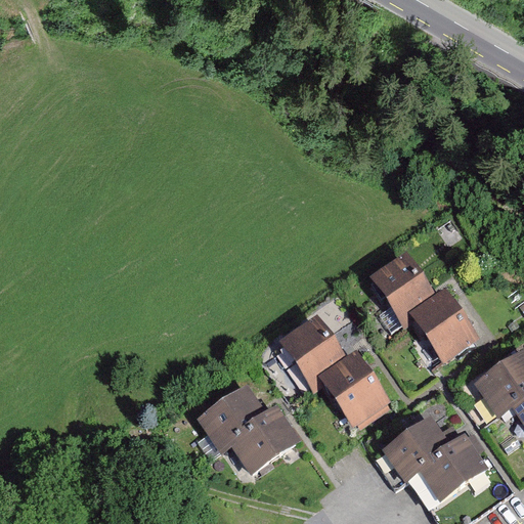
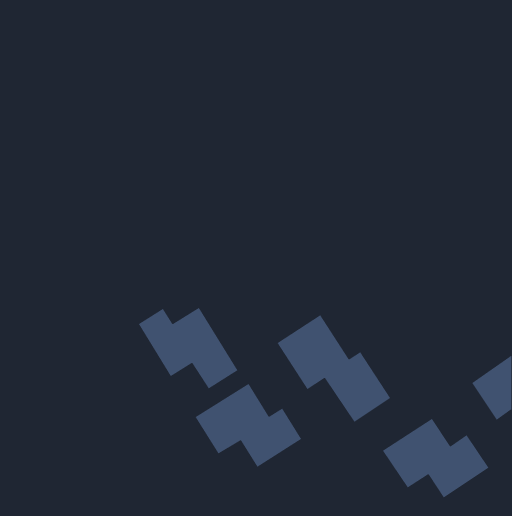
building: [364,255,473,359] -> none
building: none -> [138,307,239,389]

